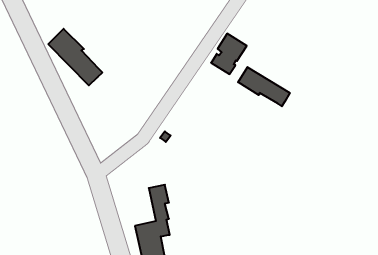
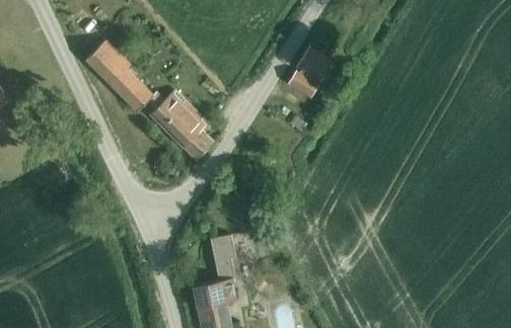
building: [238,67,290,106] -> none
building: none -> [147,90,213,159]

